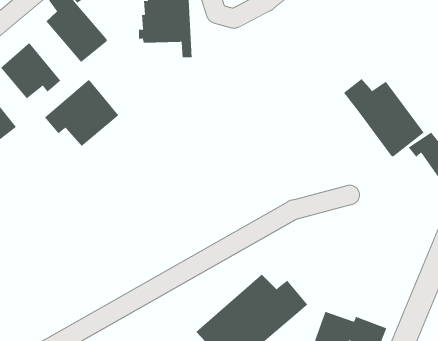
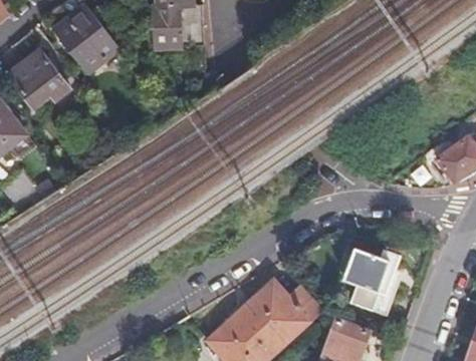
building: [343,78,425,157] -> none
building: [44,79,119,147] -> none
building: none -> [340,248,403,315]

